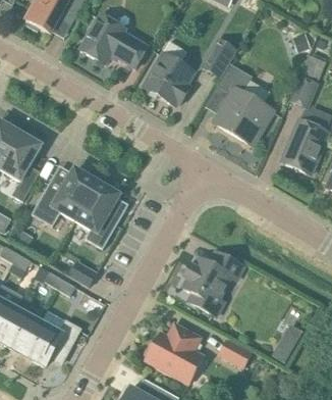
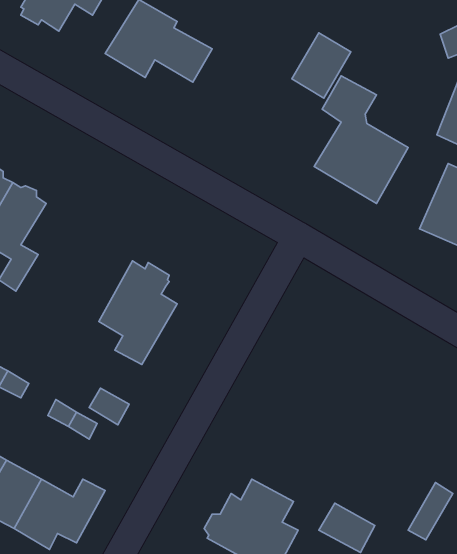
building: [143,52,195,105] -> none
building: [32,165,97,227] -> none
building: [182,251,242,313] -> none

